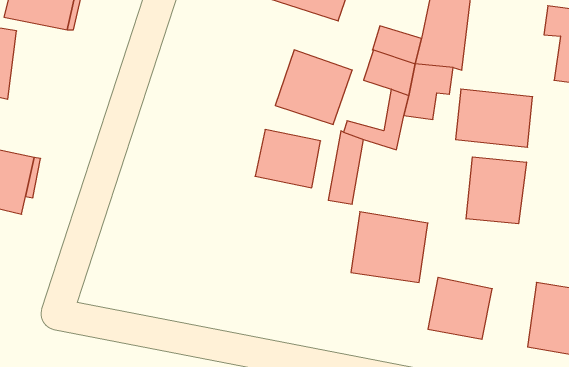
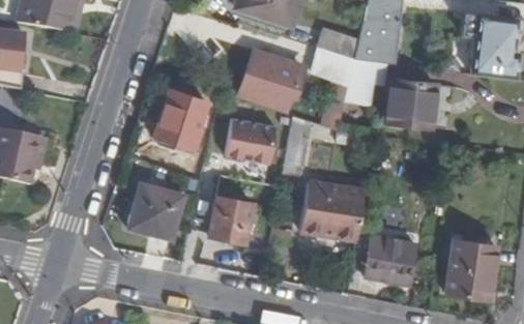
building: none -> [154,89,206,151]
building: [466,157,526,224] -> none
building: none -> [126,182,184,239]
building: none -> [210,195,253,242]

